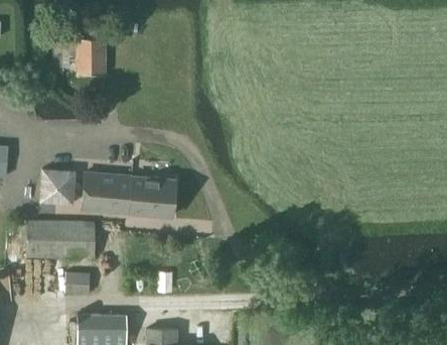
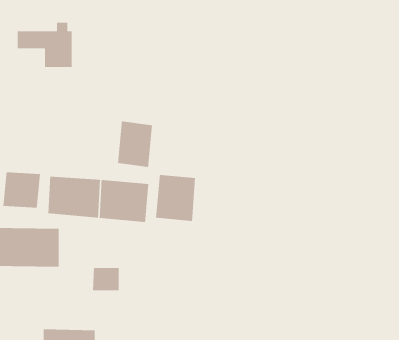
building: none -> [117,120,153,168]
building: none -> [155,174,196,222]
building: [64,272,90,295] -> [92,267,119,291]

